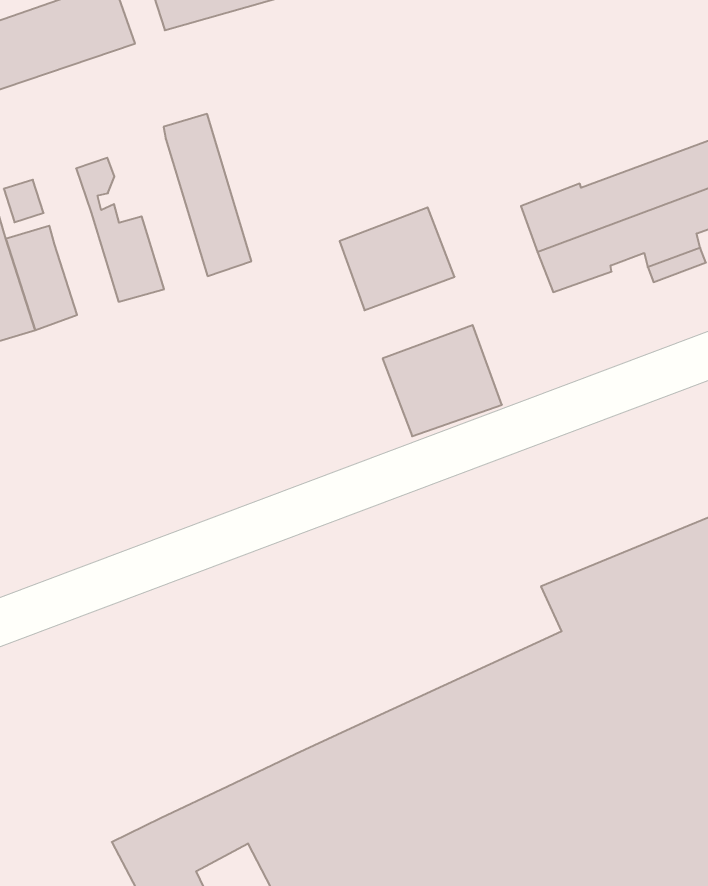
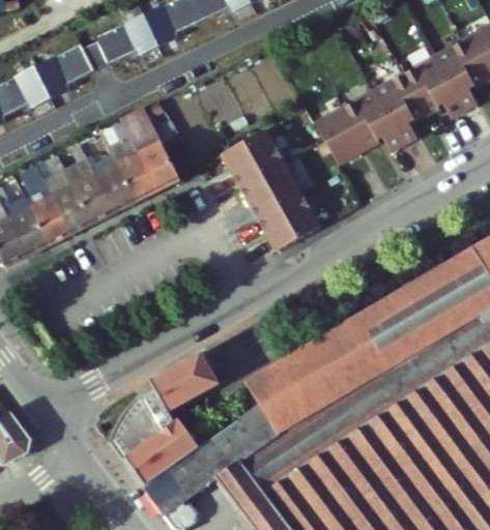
building: none -> [110,117,158,196]
building: none -> [76,161,114,216]
building: none -> [243,166,301,214]
building: none -> [251,321,373,412]
building: none -> [121,356,220,490]

